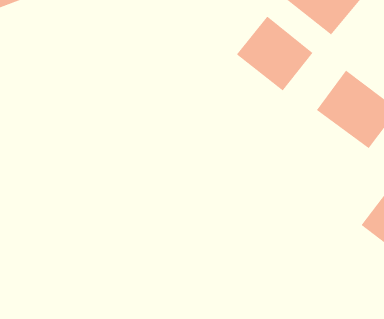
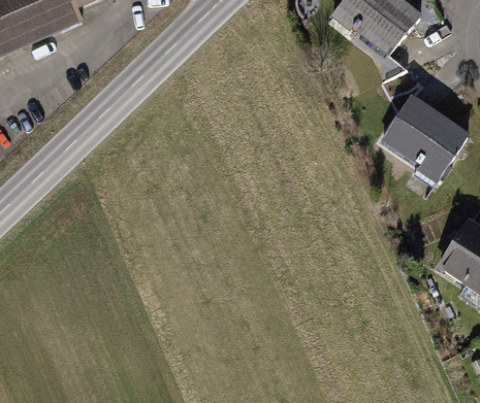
building: [236,15,313,91] -> none

